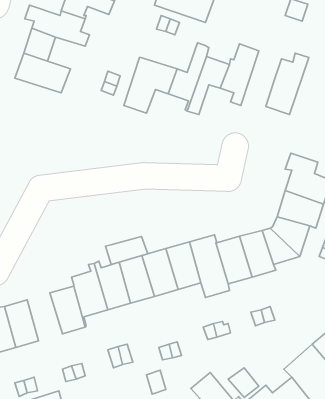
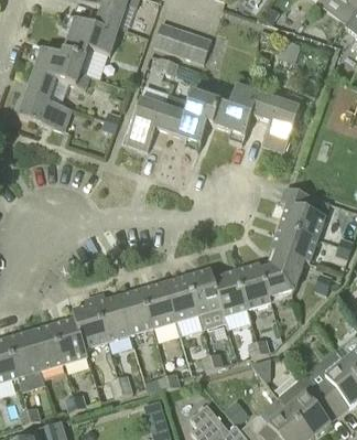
building: none -> [237,89,277,143]
building: [106,237,148,264] -> none
building: none -> [30,324,64,371]

